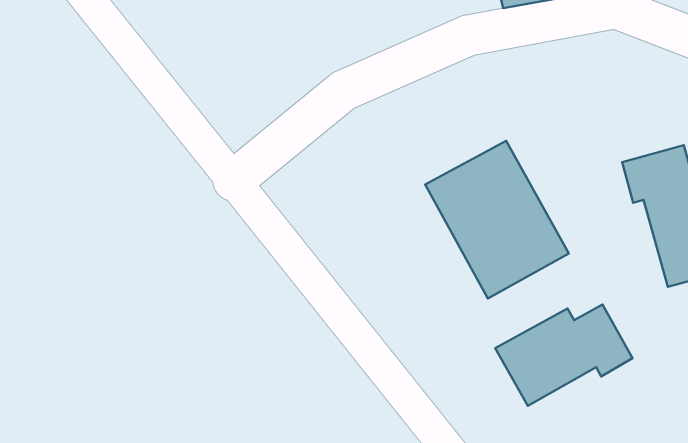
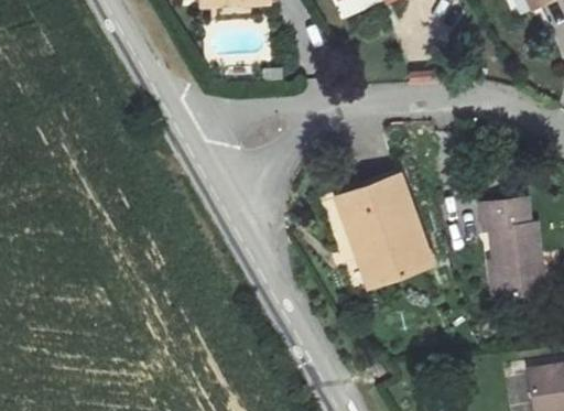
building: [495,304,633,406] -> none

